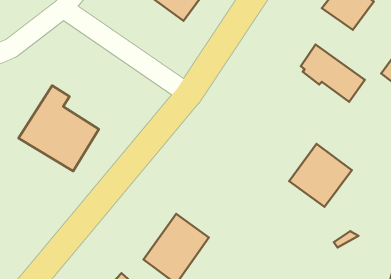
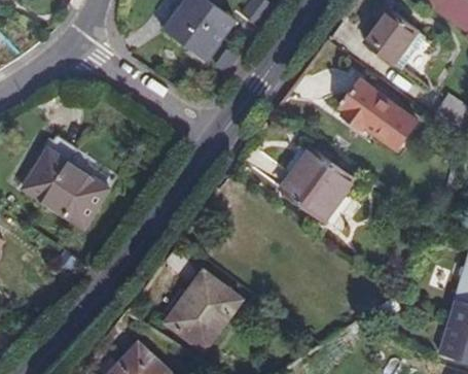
building: [289,144,352,207] -> [281,146,352,217]

